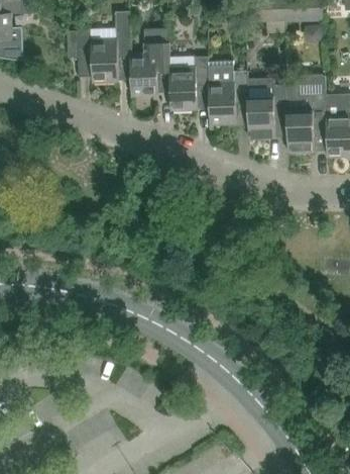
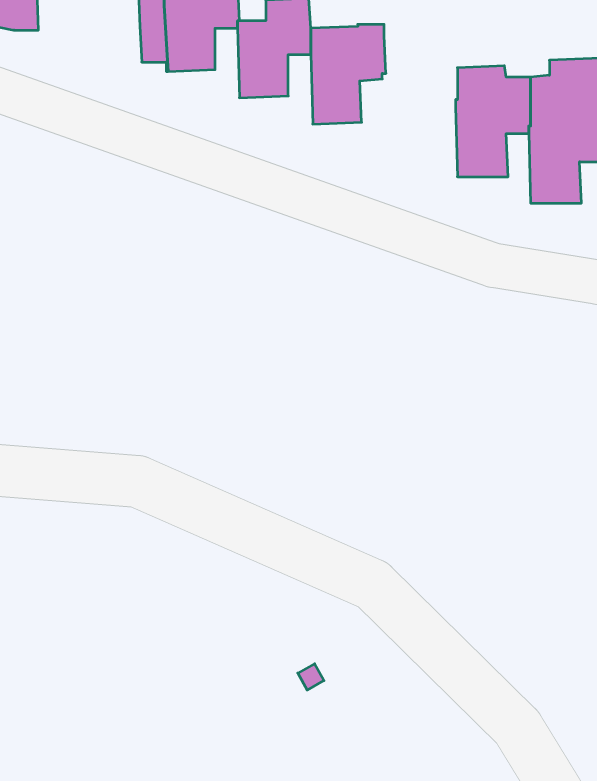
building: [207,63,247,124] -> none

